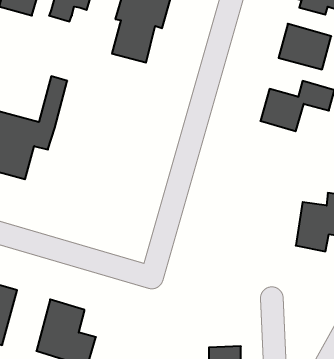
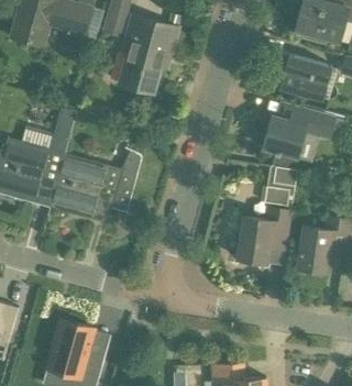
building: none -> [48,150,141,219]
building: none -> [236,167,295,263]

